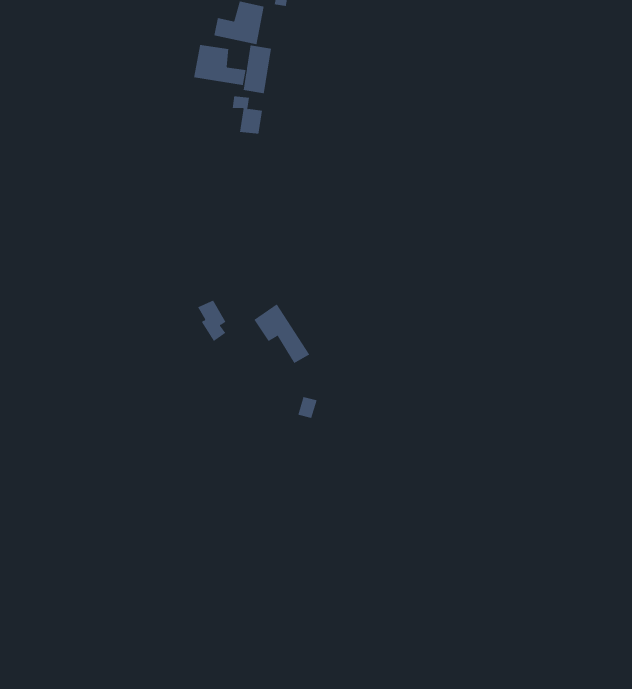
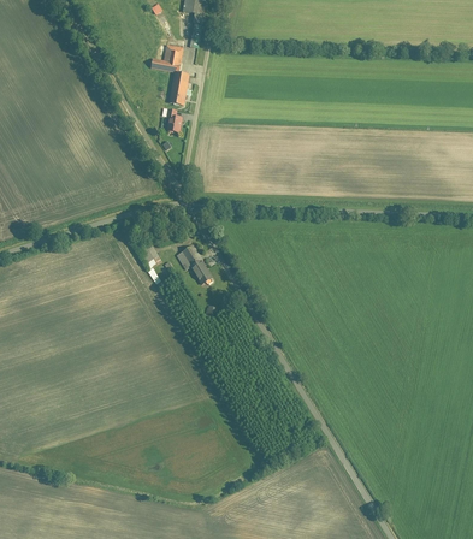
building: [194,44,246,86] -> none

